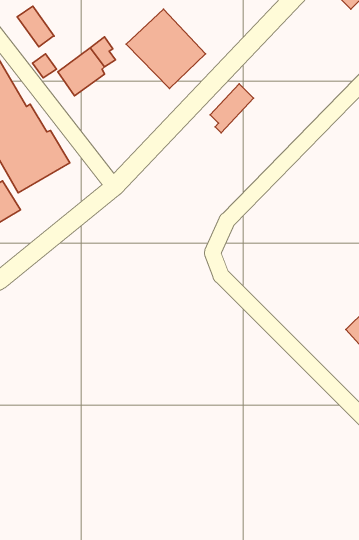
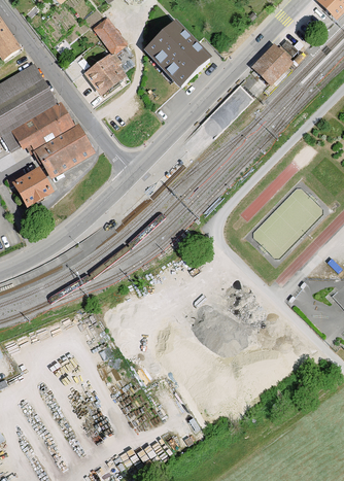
building: [17,6,54,47] -> [94,19,126,54]
building: none -> [251,40,298,84]

